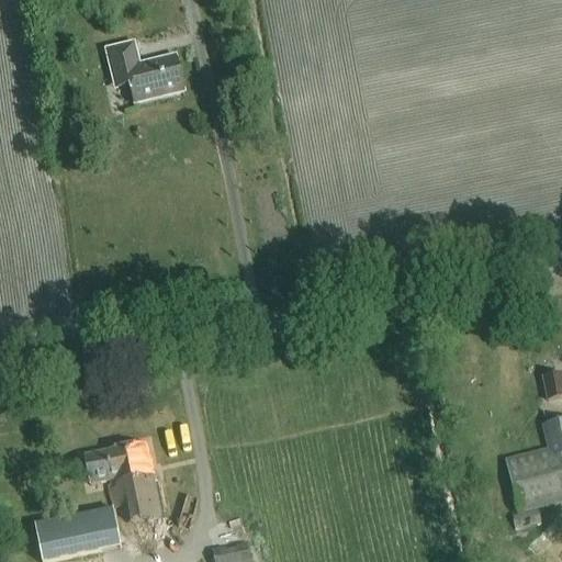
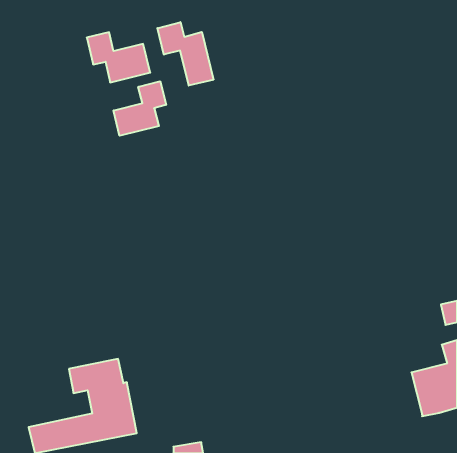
building: none -> [157,22,213,86]
building: none -> [114,81,166,136]

